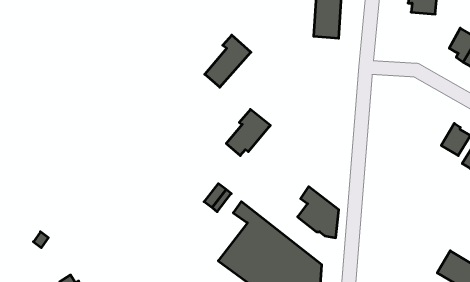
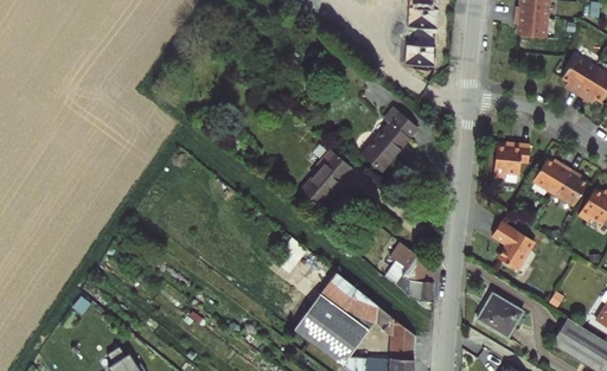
building: [205,35,251,87] -> [363,109,417,171]
building: none -> [494,142,532,177]
building: none -> [533,156,570,193]
building: none -> [493,222,535,271]
building: none -> [475,293,520,337]

